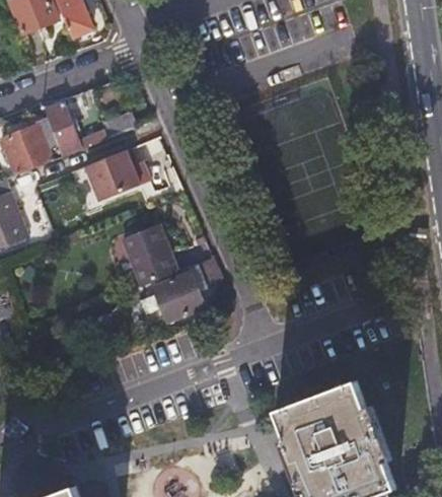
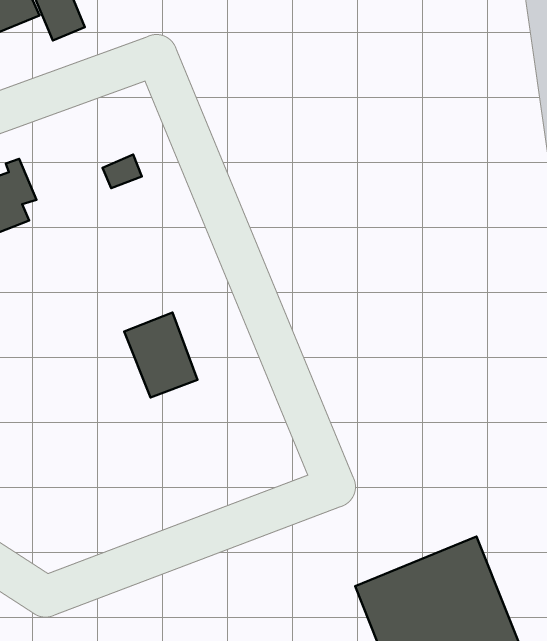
building: [41,98,106,155] -> none
building: [82,150,137,202] -> none
building: [144,257,219,325] -> none

